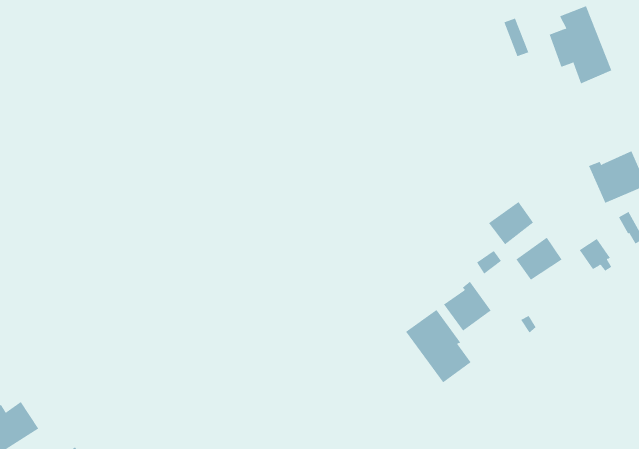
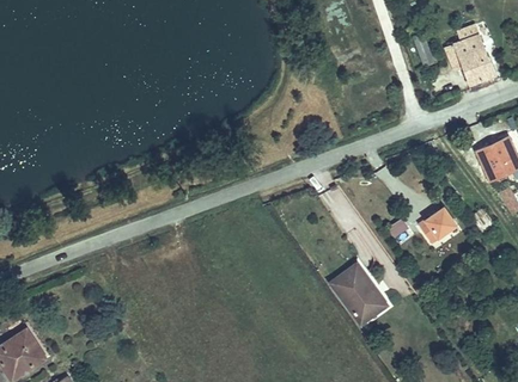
building: [488,201,534,245] -> none
building: [443,281,491,332] -> none

